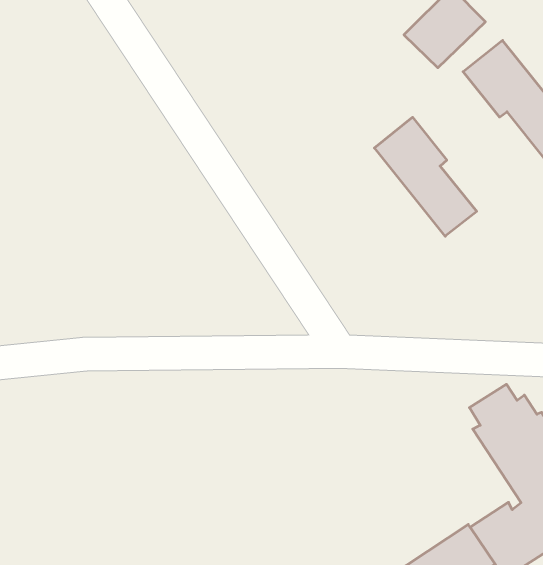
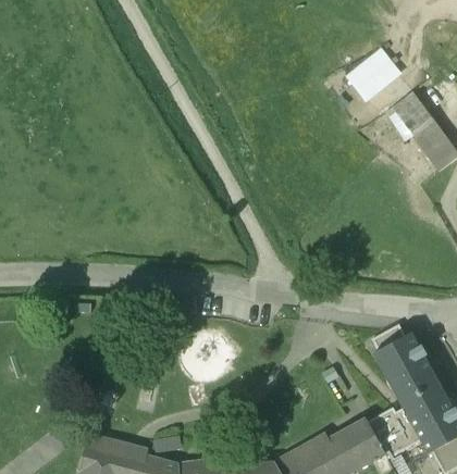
building: [374,117,477,236] -> none

